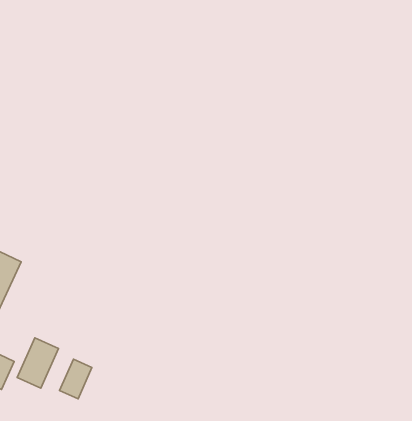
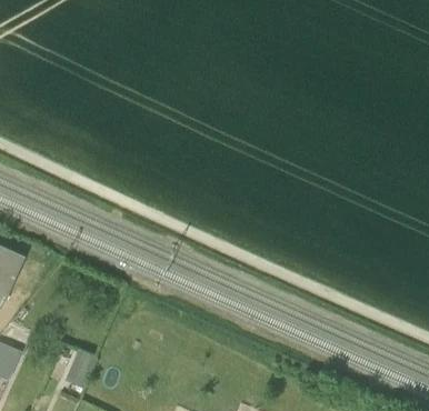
building: [17,338,59,388] -> none

